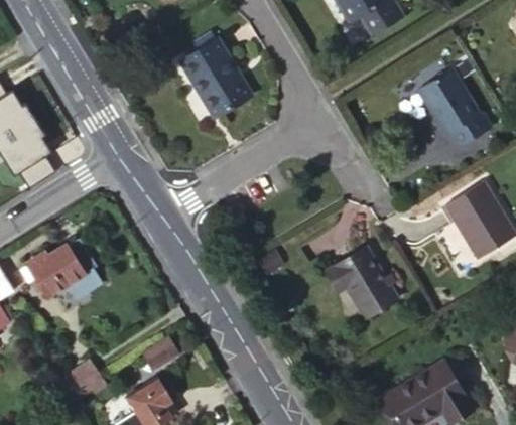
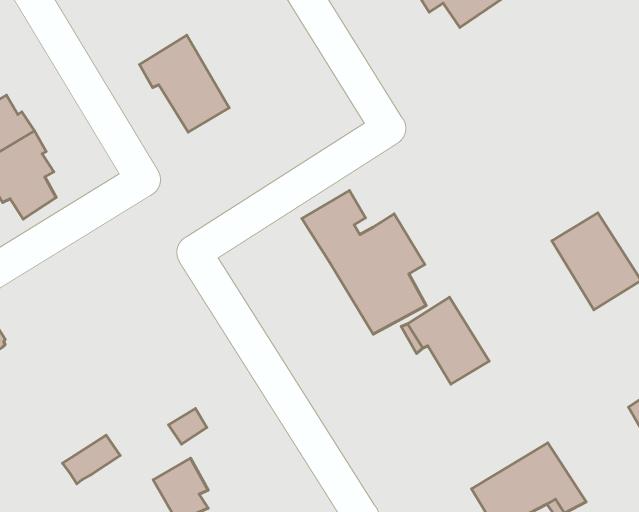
building: [179,40,250,117] -> [140,35,229,132]
building: [419,69,489,147] -> none
building: none -> [302,190,426,334]
building: [23,239,86,293] -> none

